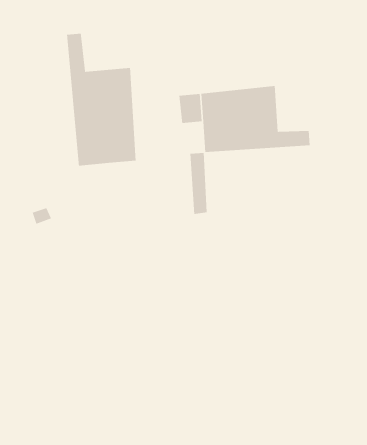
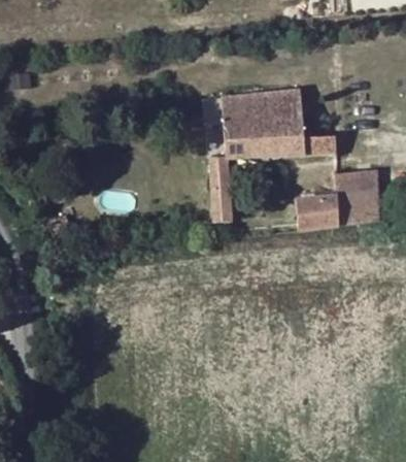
building: [66,33,136,166] -> none
building: none -> [297,170,380,229]

